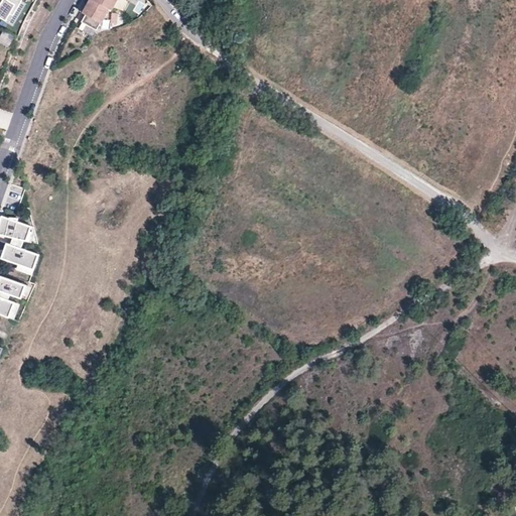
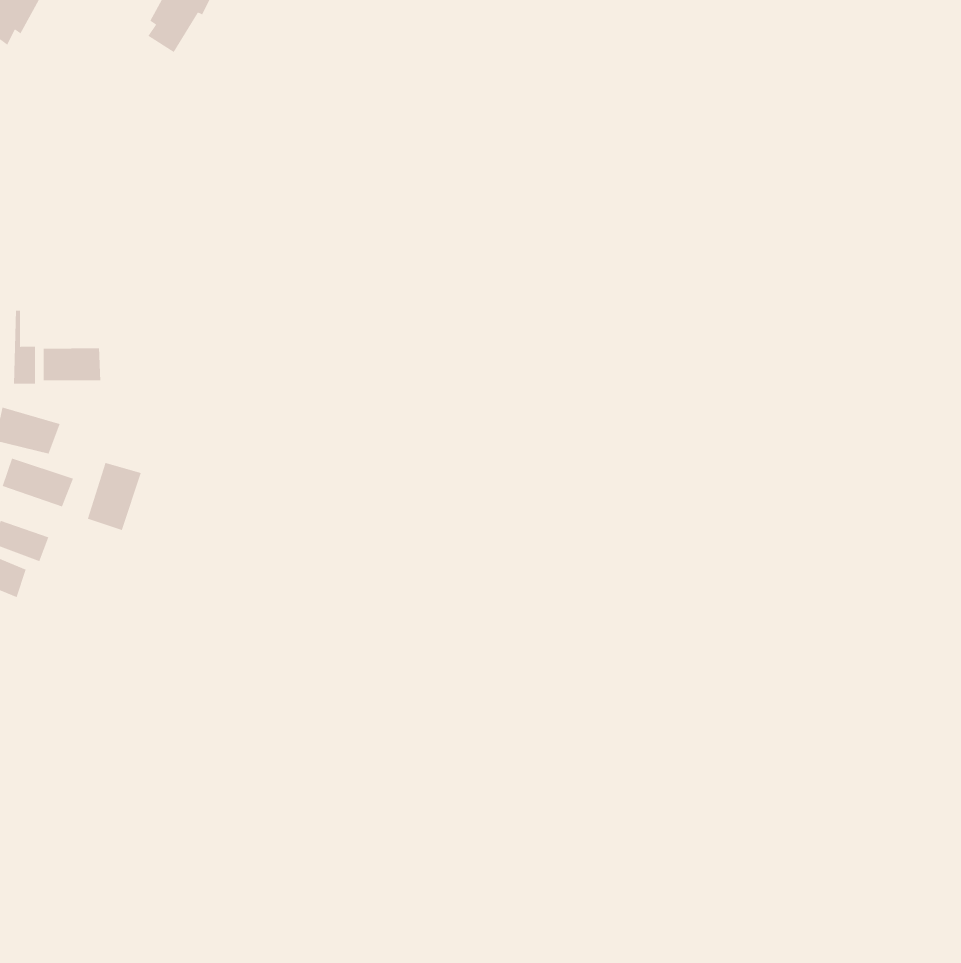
building: none -> [43,348,101,381]
building: none -> [87,462,142,531]

